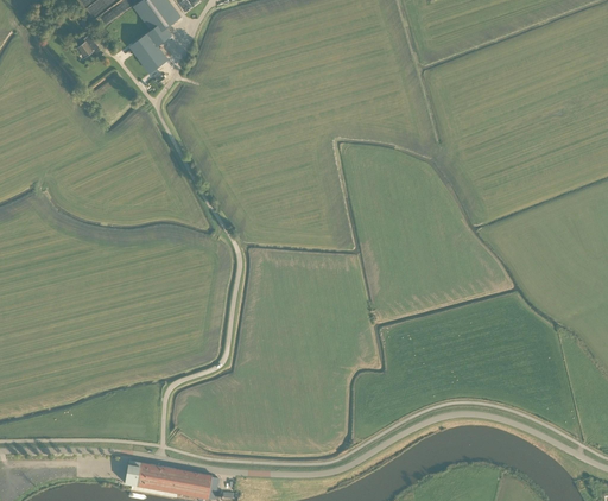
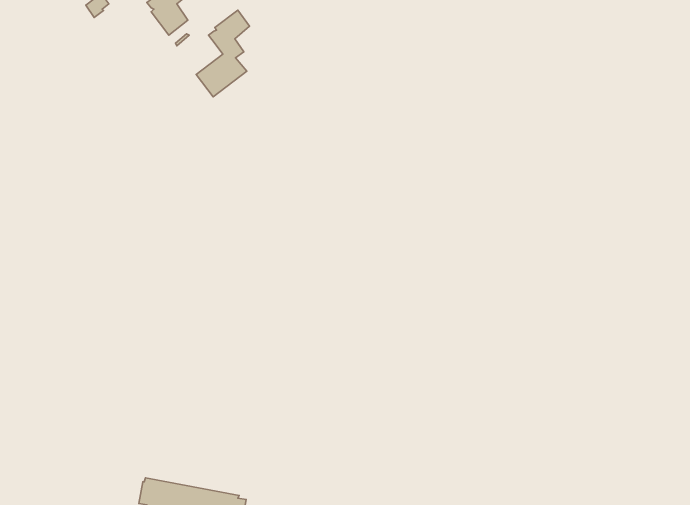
building: none -> [196,10,250,97]

